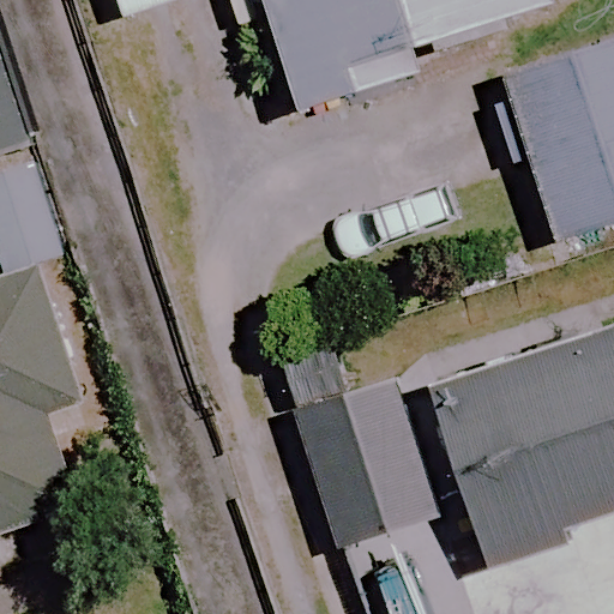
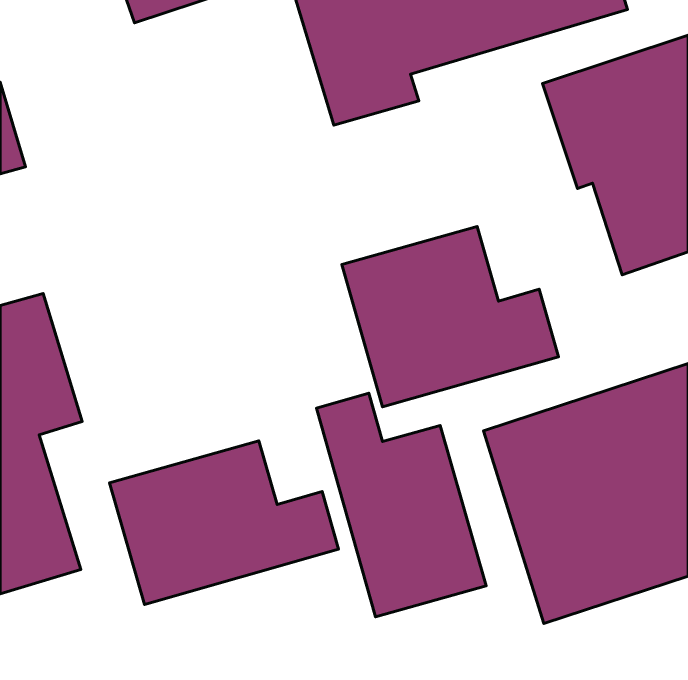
building: none -> [342,226,559,407]
building: none -> [110,441,339,604]

